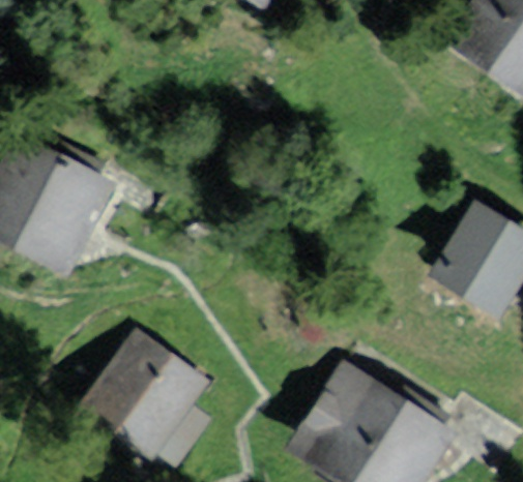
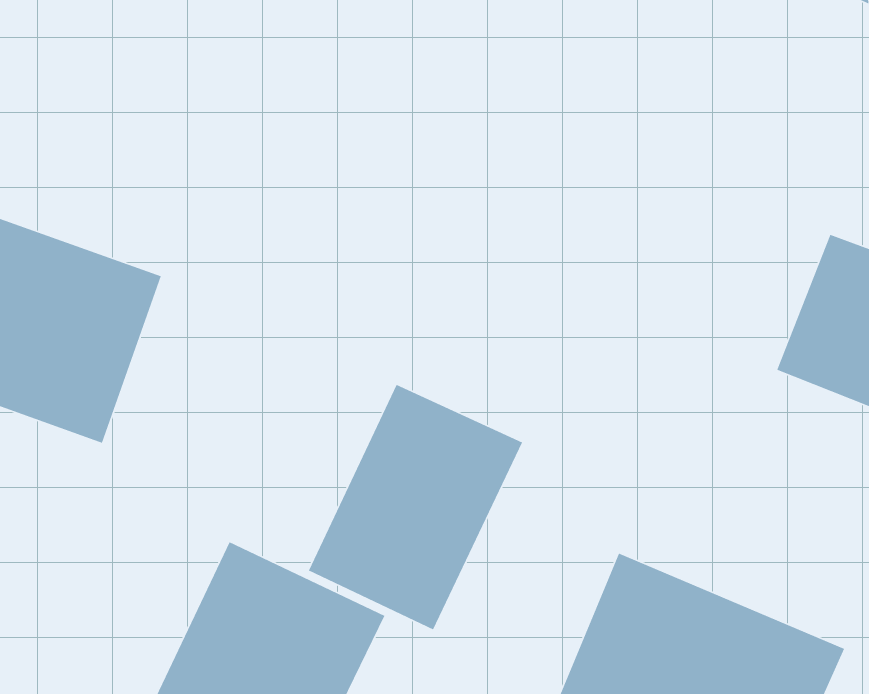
building: none -> [308,384,523,630]

